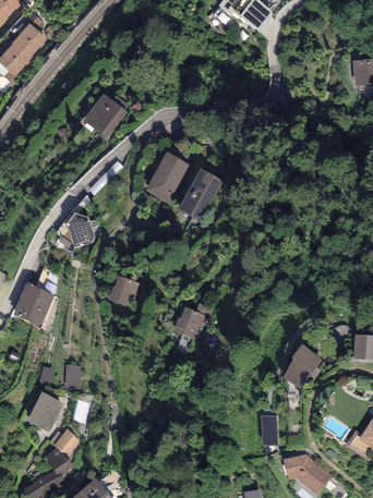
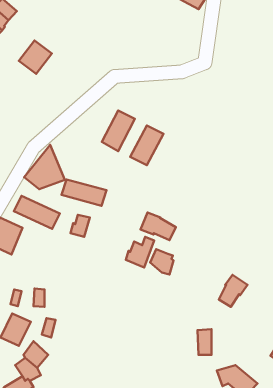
building: [85,97,124,136] -> [19,41,52,74]
building: none -> [62,179,106,206]
building: none -> [14,196,60,229]
building: none -> [140,212,176,240]
building: none -> [150,249,173,274]

